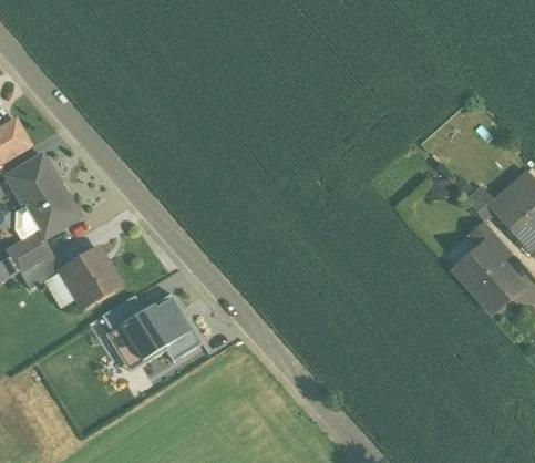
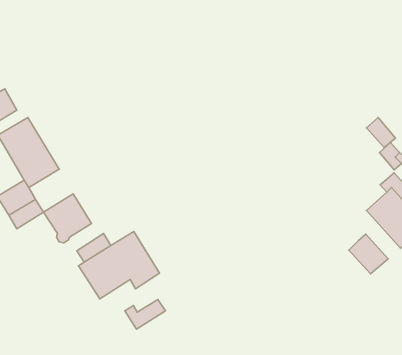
building: none -> [366,117,396,148]
building: none -> [349,234,388,274]
building: none -> [125,299,166,329]

